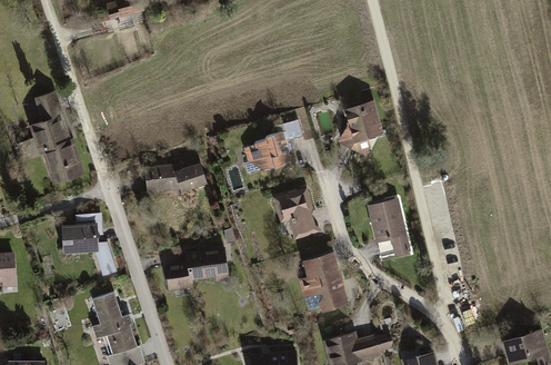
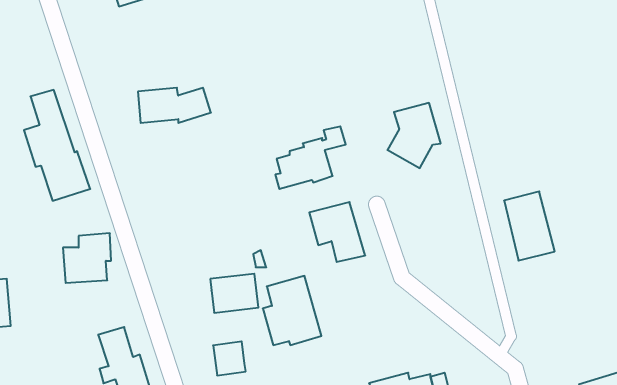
building: [146,162,208,193] -> [138,88,211,123]
building: [368,198,411,257] -> [504,191,555,261]
building: [299,251,349,310] -> [263,276,321,345]
building: [164,262,192,290] -> [213,341,246,375]

